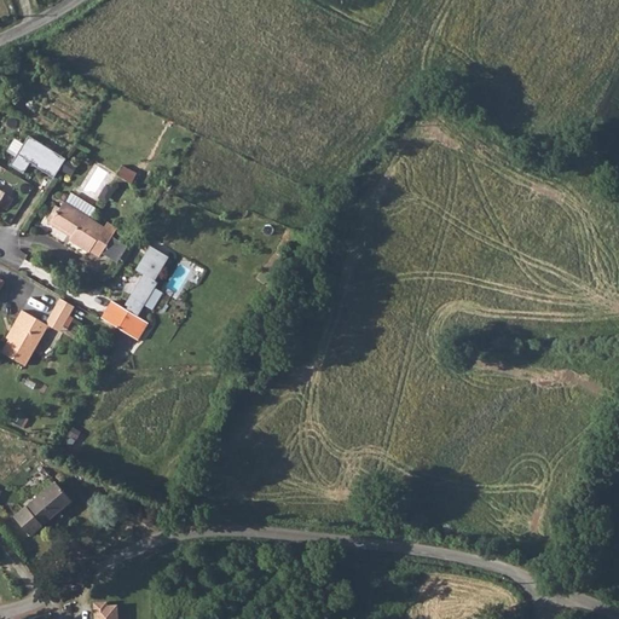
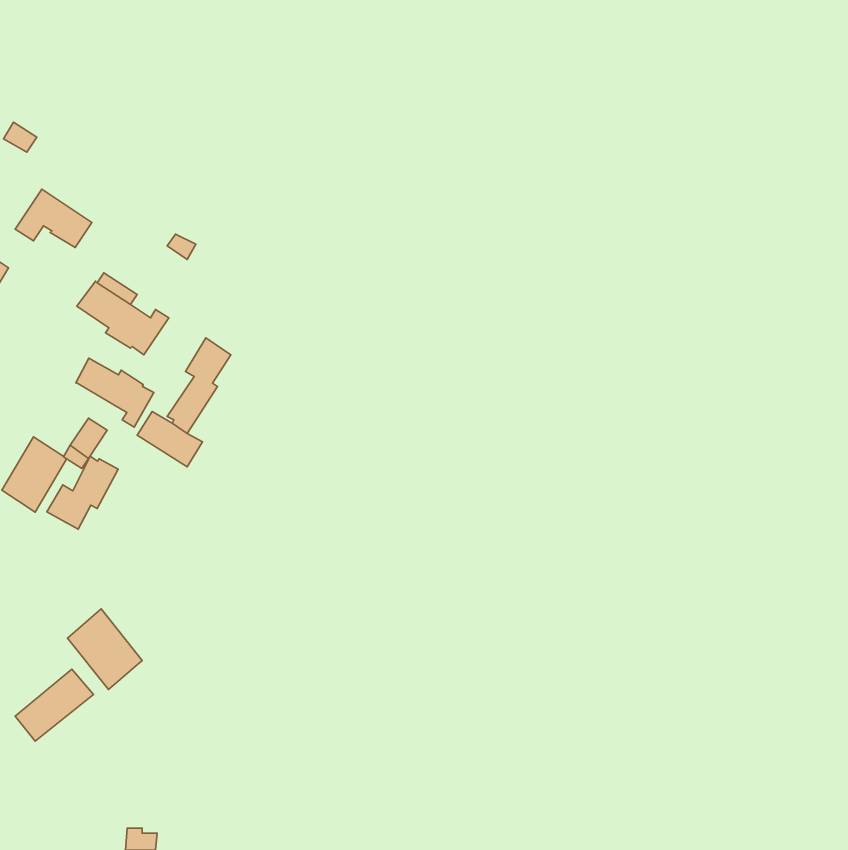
building: none -> [76,358,154,427]
building: none -> [47,456,118,529]
building: none -> [67,609,142,690]

